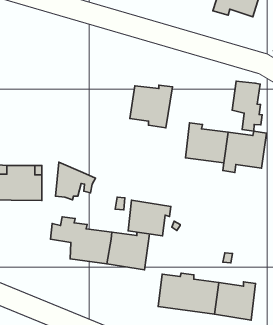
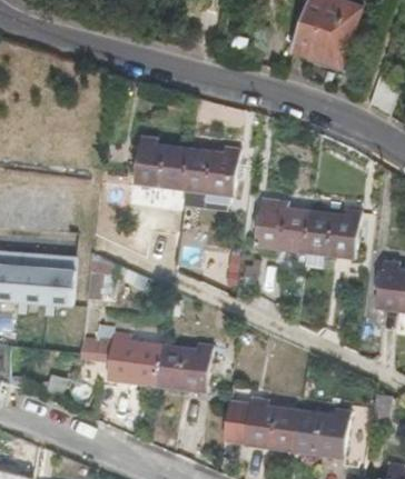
building: none -> [135,140,190,194]
building: [232,81,262,131] -> none
building: [128,200,171,236] -> none

